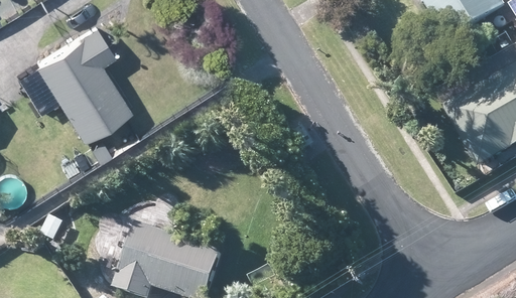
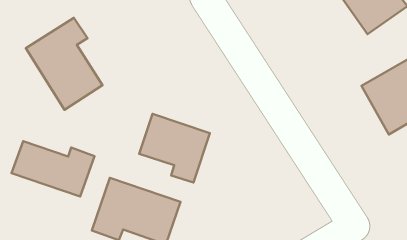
building: none -> [139,114,210,182]
building: none -> [11,141,94,196]

